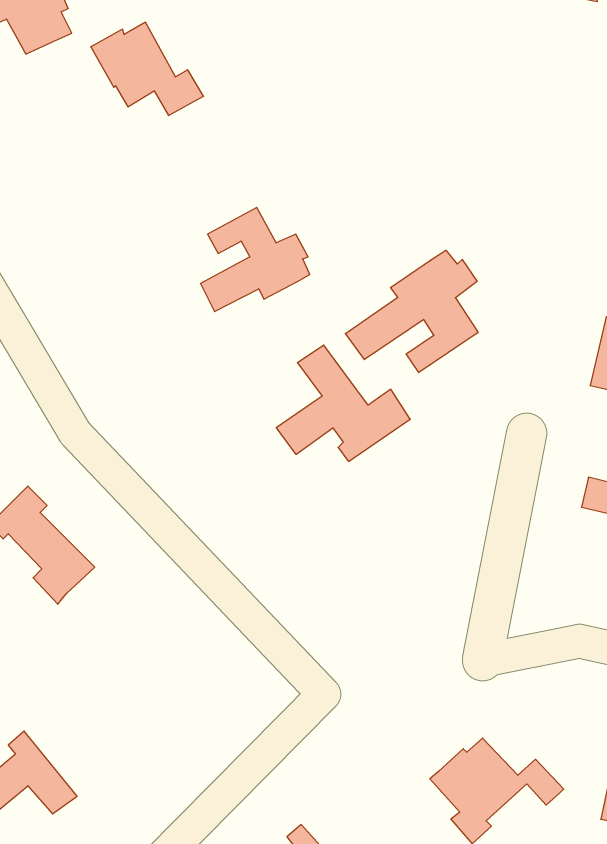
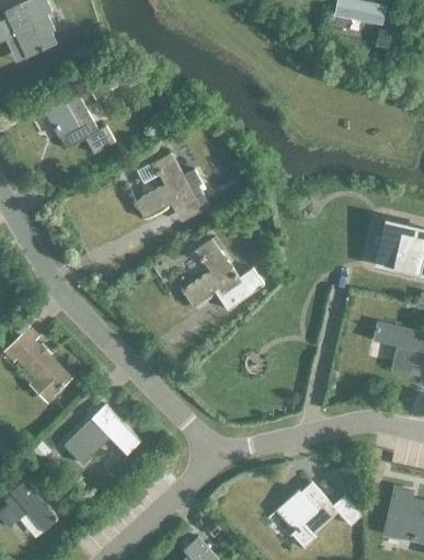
building: [91,22,204,116] -> [44,96,114,155]
building: [345,250,478,373] -> none
building: none -> [64,404,140,462]

